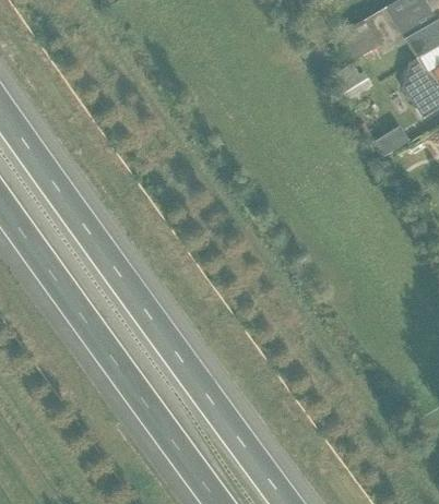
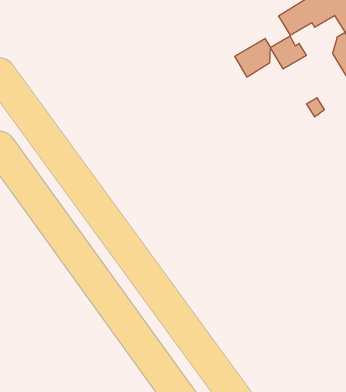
building: none -> [235,38,270,77]

